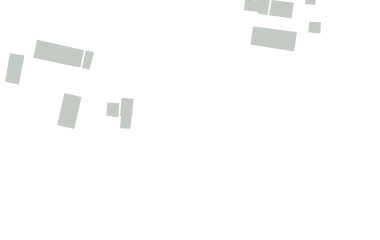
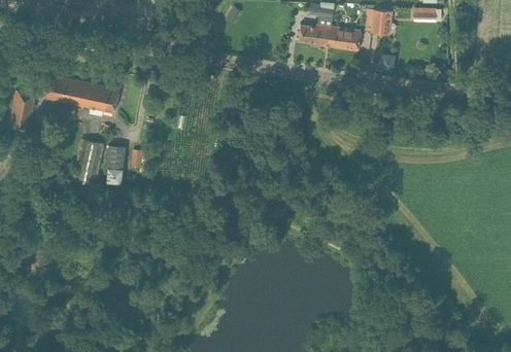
building: [250,25,298,52] -> none
building: [119,97,135,130] -> [106,145,125,184]

